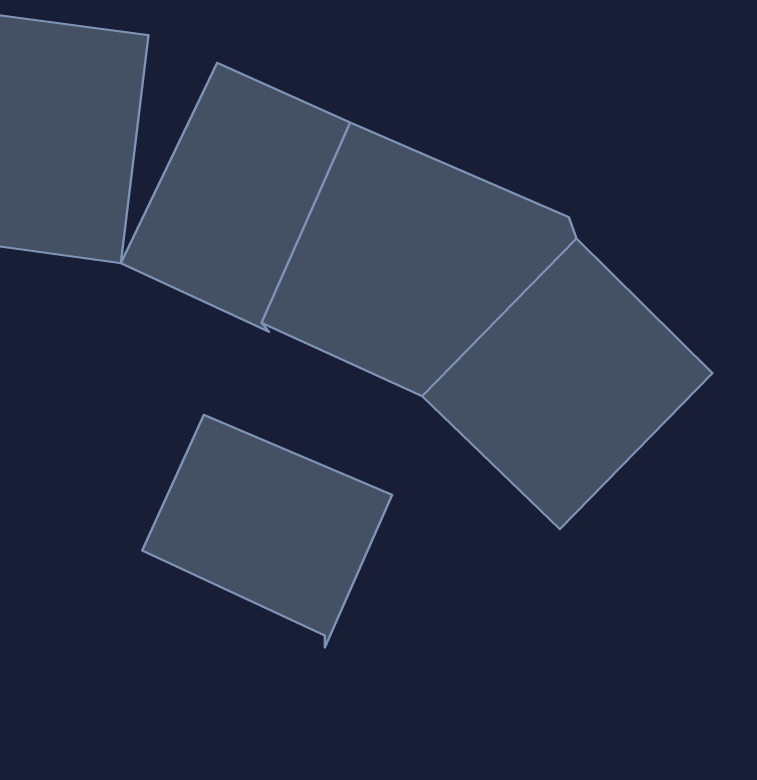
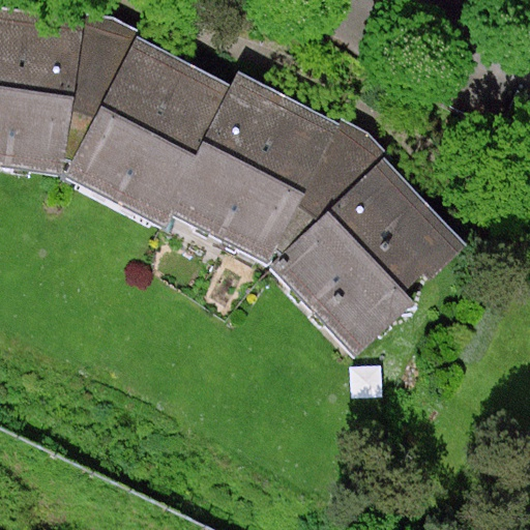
building: none -> [82,25,147,179]
building: [142,415,392,648] -> none

